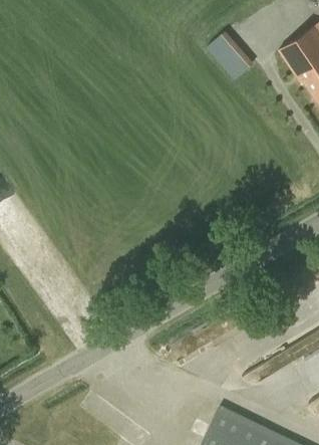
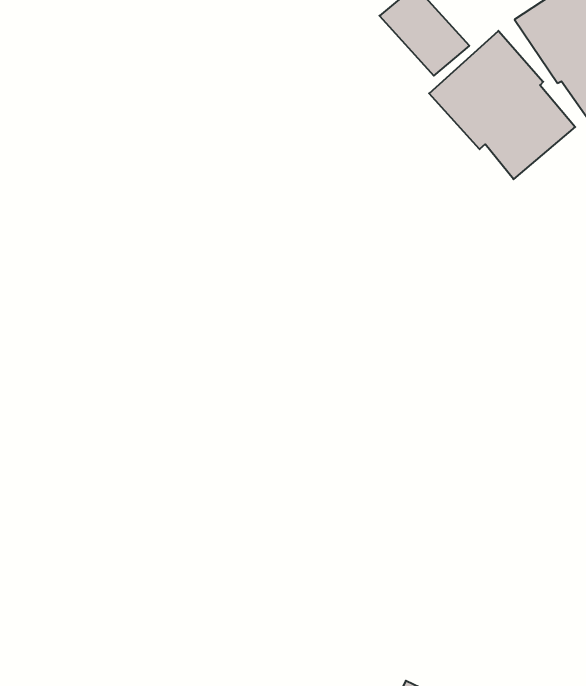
building: none -> [429,31,575,179]

